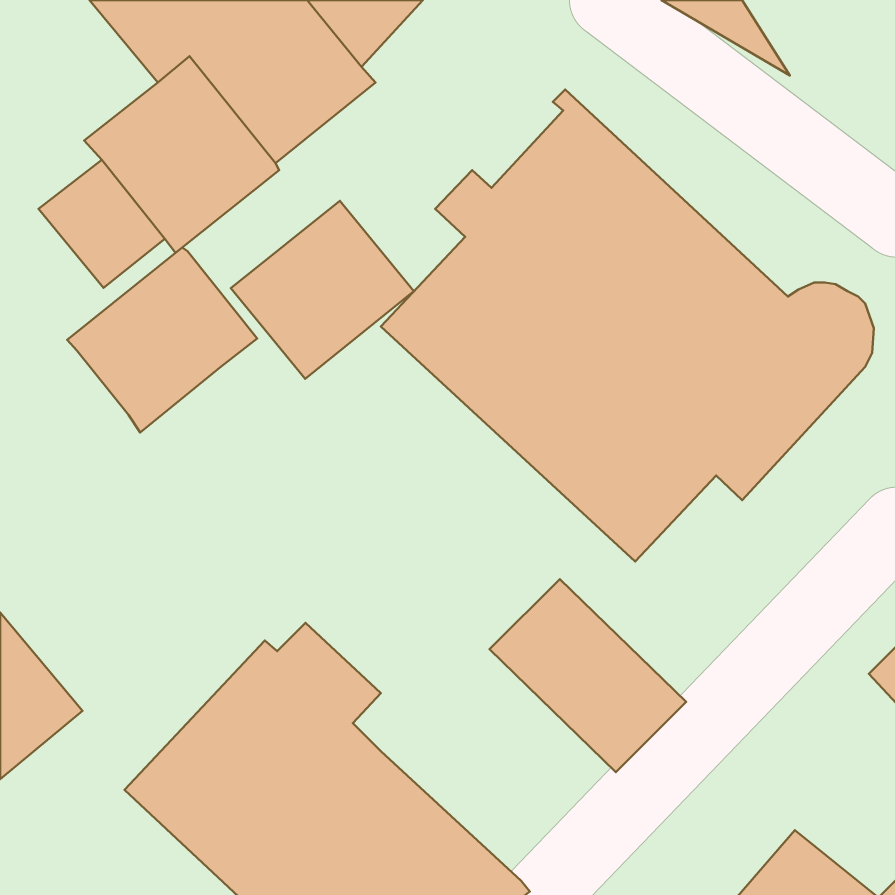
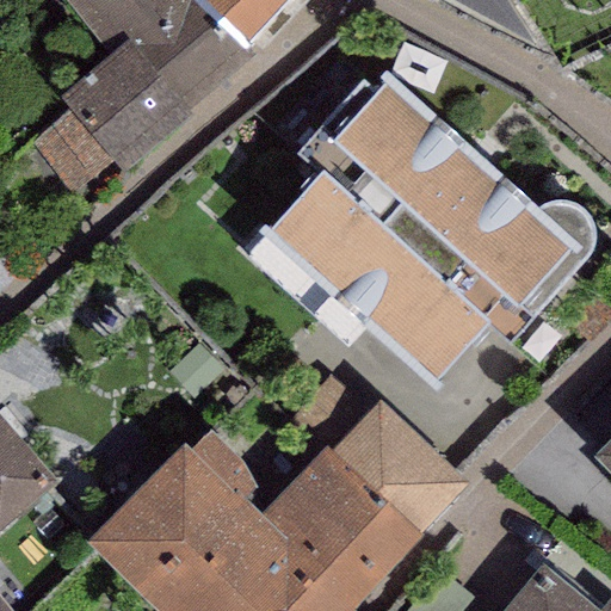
building: [231,201,414,379] -> none
building: [67,247,257,432] -> none
building: none -> [260,439,424,600]

